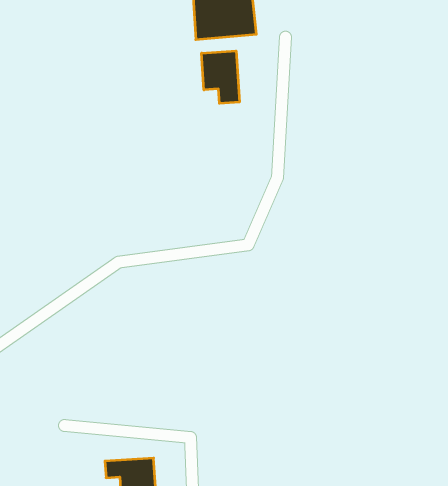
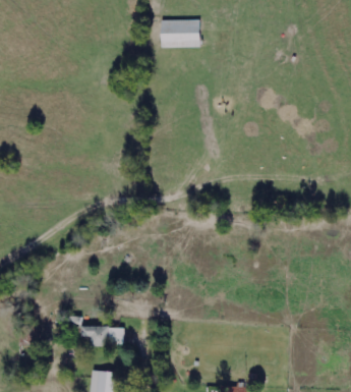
building: [202,51,239,103] -> none

